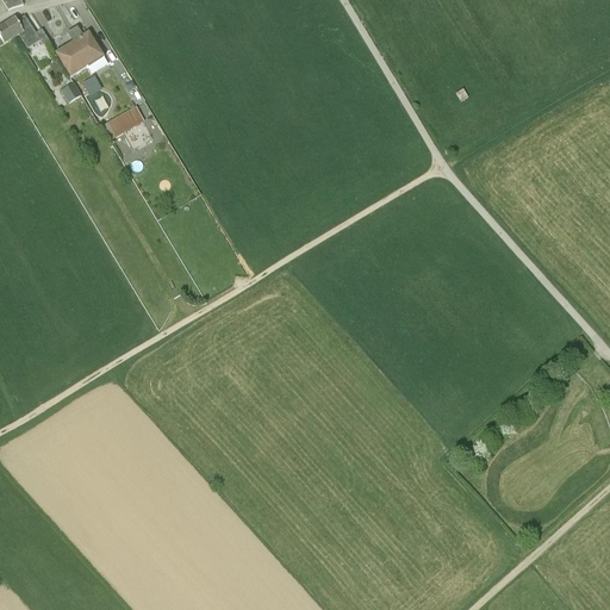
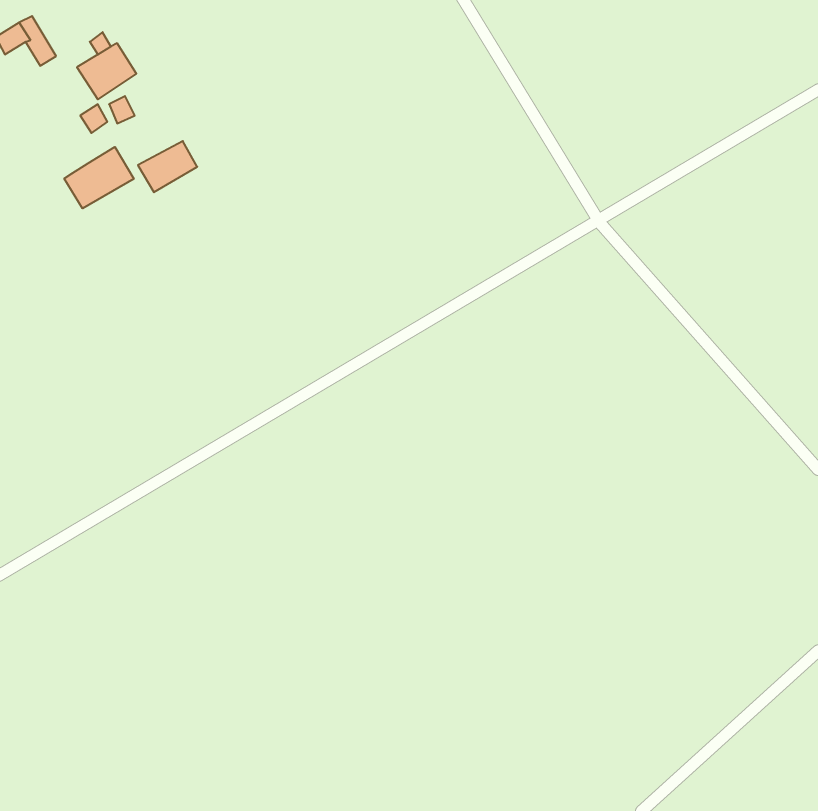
building: none -> [64,147,134,208]

